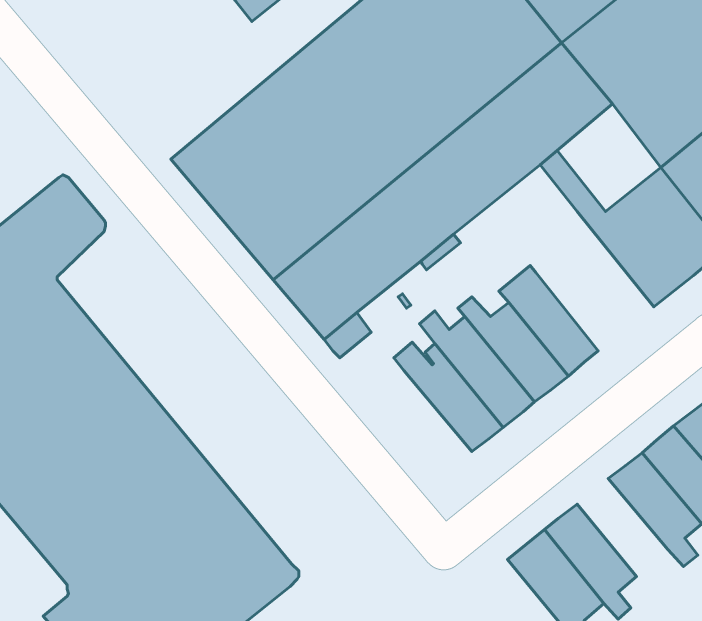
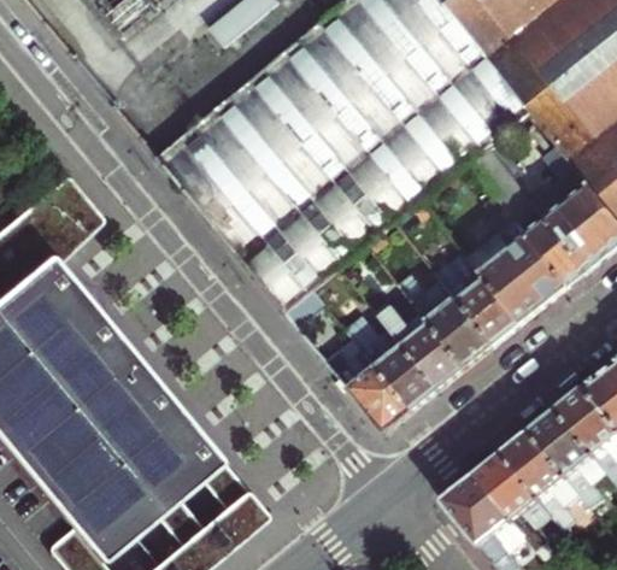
building: none -> [468,200,568,318]
building: none -> [328,335,413,427]
building: none -> [503,427,580,523]

